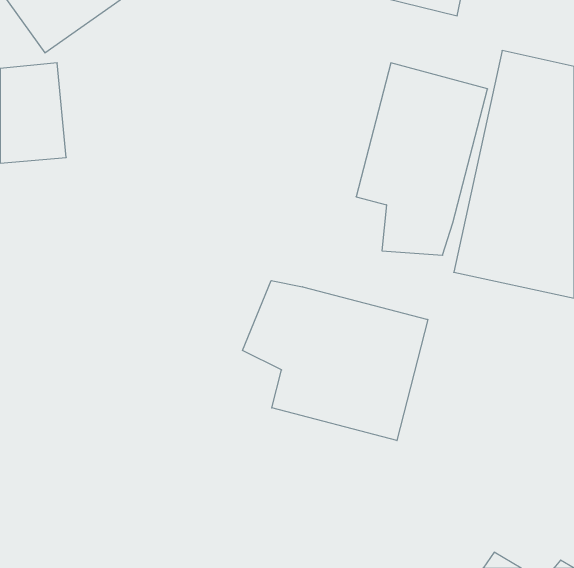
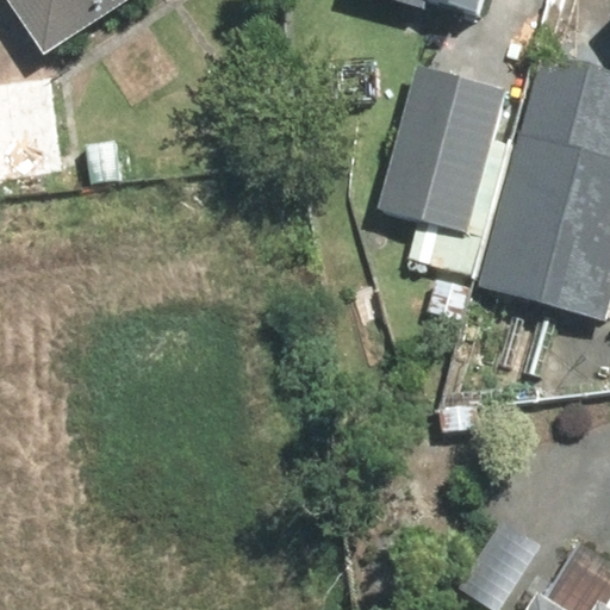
building: [242,281,428,441] -> none

